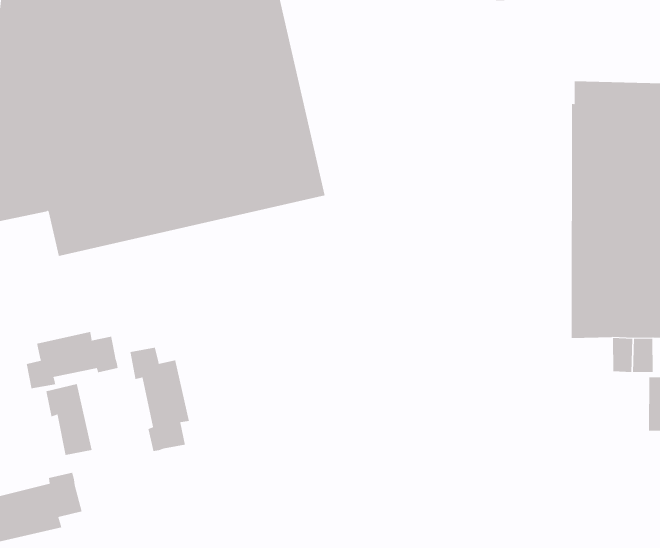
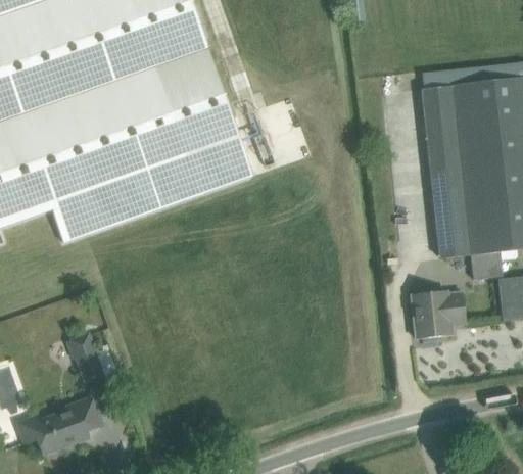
building: [26,331,118,389] -> none
building: [130,347,190,452] -> none
building: none -> [411,290,466,339]

